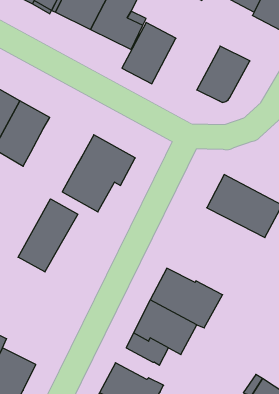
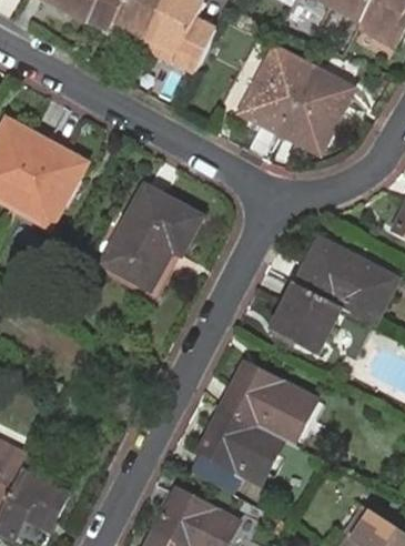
building: [122,22,176,84] -> [240,50,312,132]
building: [18,199,78,272] -> none
building: none -> [274,283,342,351]

